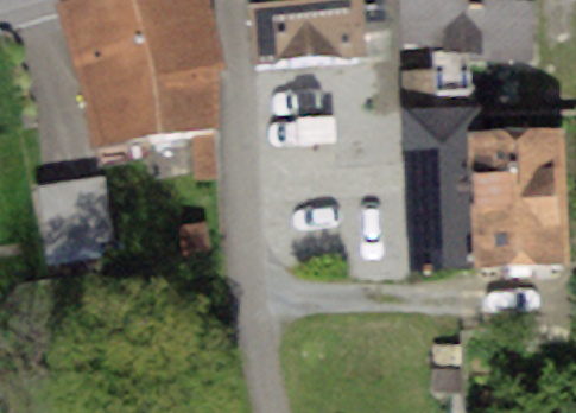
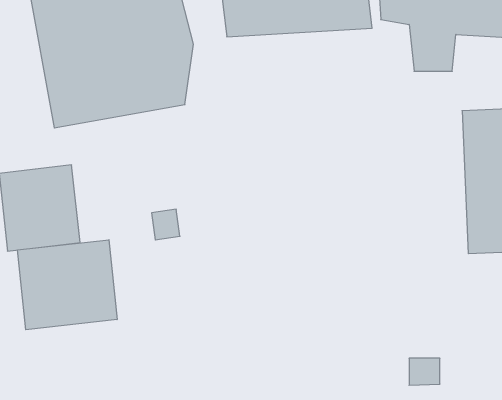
building: [404,69,488,267] -> none
building: none -> [18,240,117,330]

